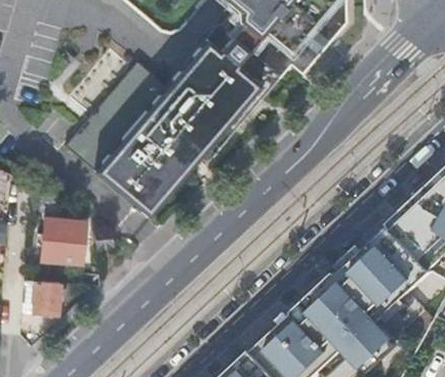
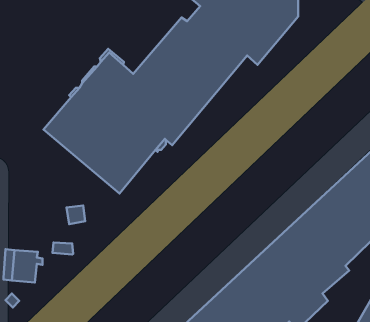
building: [38,187,89,263] -> none

